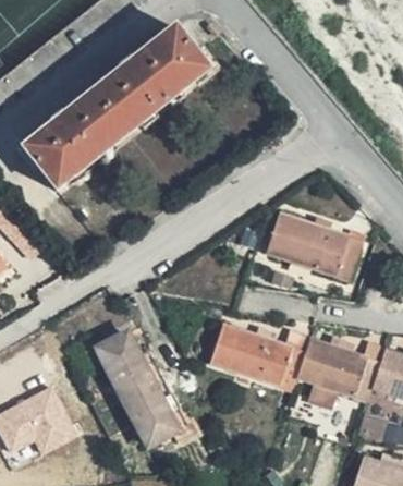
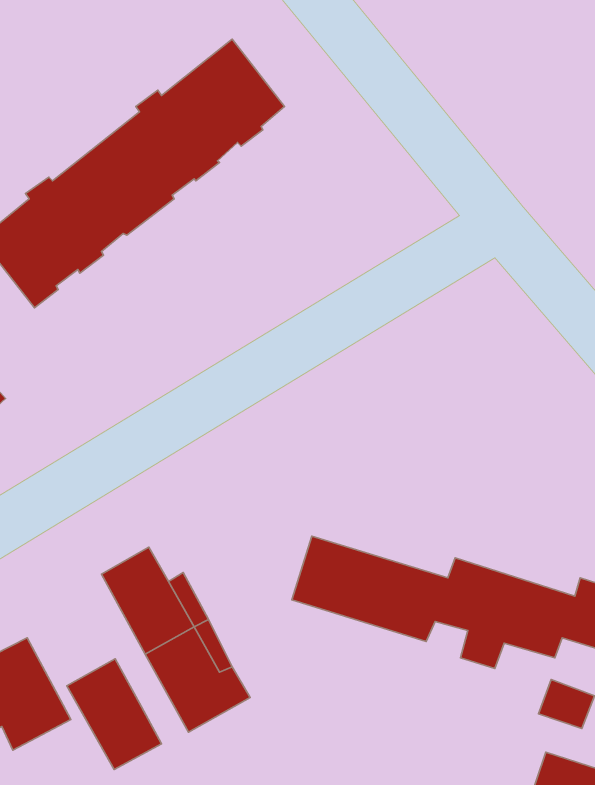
building: [268,215,363,278] -> none
building: none -> [67,659,162,769]

